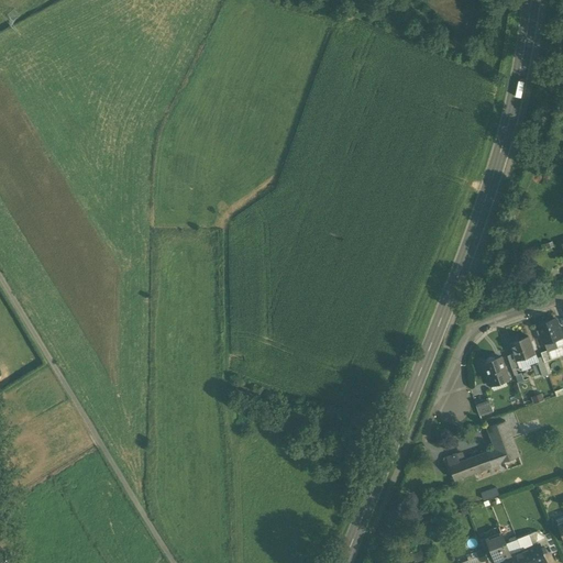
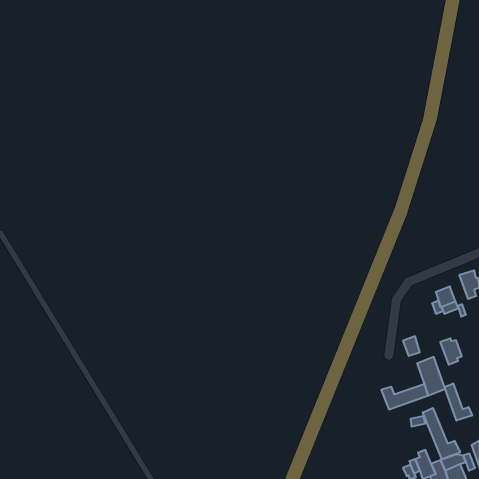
building: [484,360,509,390] -> [440,338,462,365]
building: none -> [444,383,472,421]
building: none -> [423,408,460,459]

